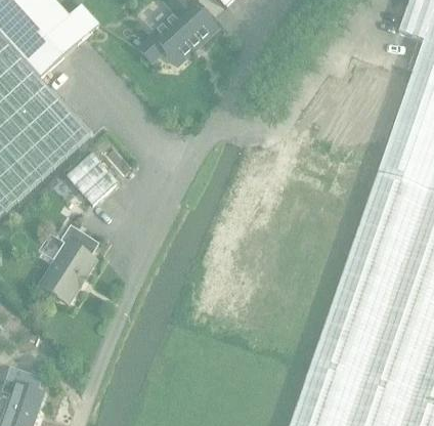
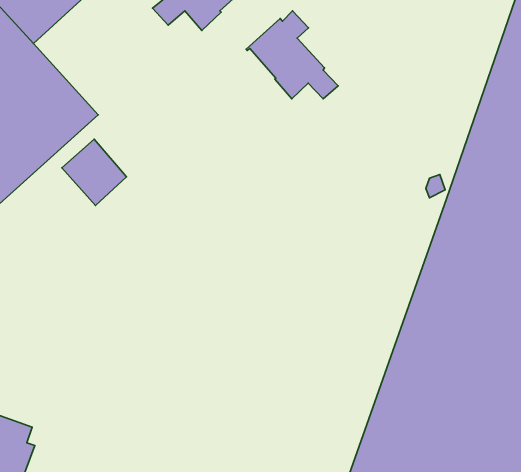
building: none -> [246,11,338,99]
building: [40,226,98,302] -> none

